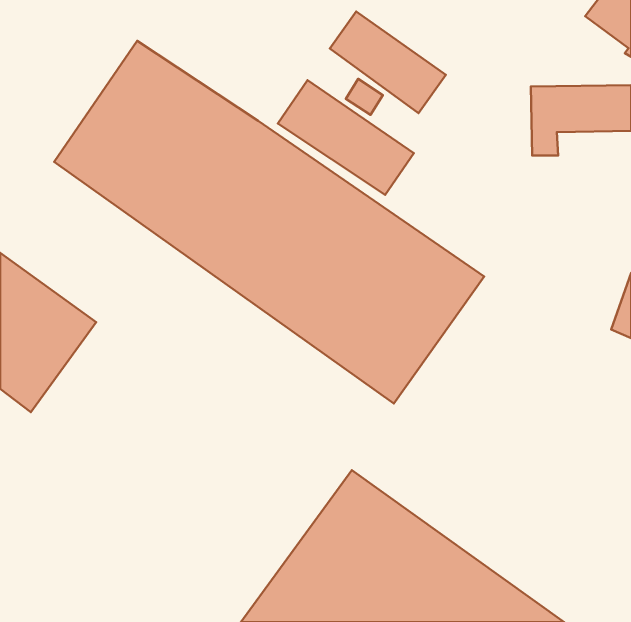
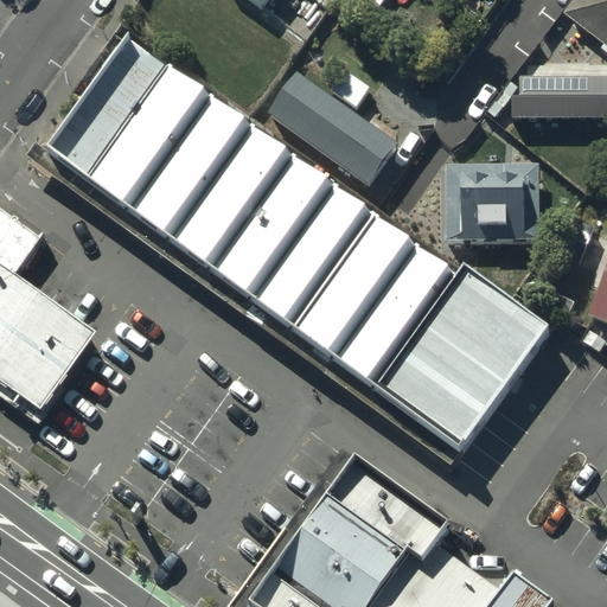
building: [330,12,446,113] -> none
building: none -> [443,166,539,245]
building: none -> [378,266,550,448]

